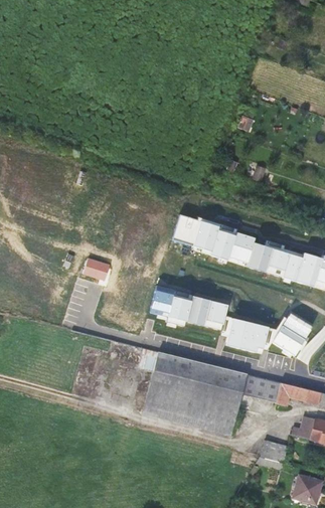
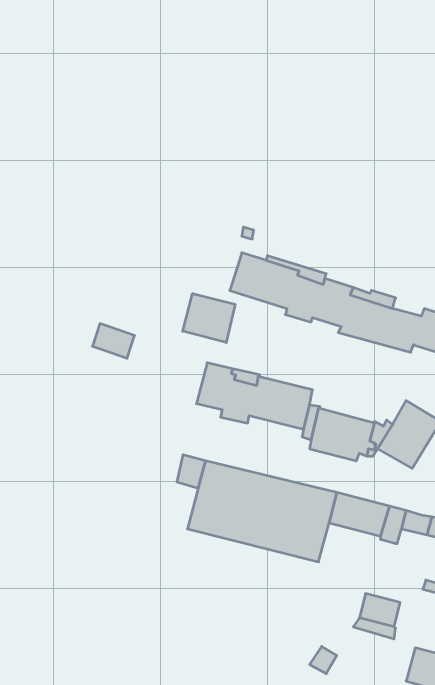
building: none -> [183,294,235,343]
building: [140,397,231,437] -> none

